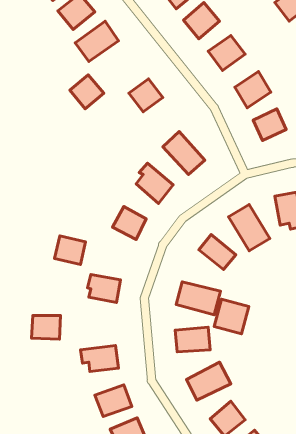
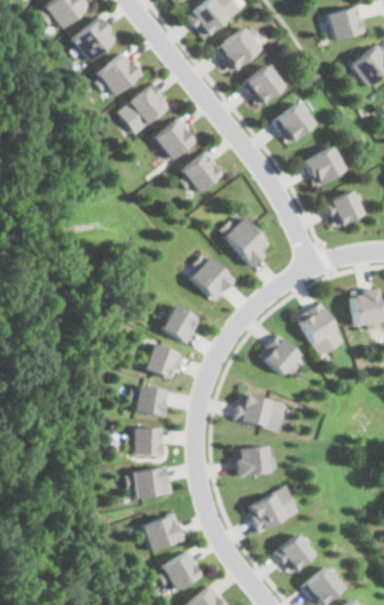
building: [70,75,104,109] -> [153,120,193,159]
building: [55,236,86,265] -> [145,343,181,377]
building: [214,299,249,334] -> none
building: [32,315,60,339] -> [130,426,164,454]

